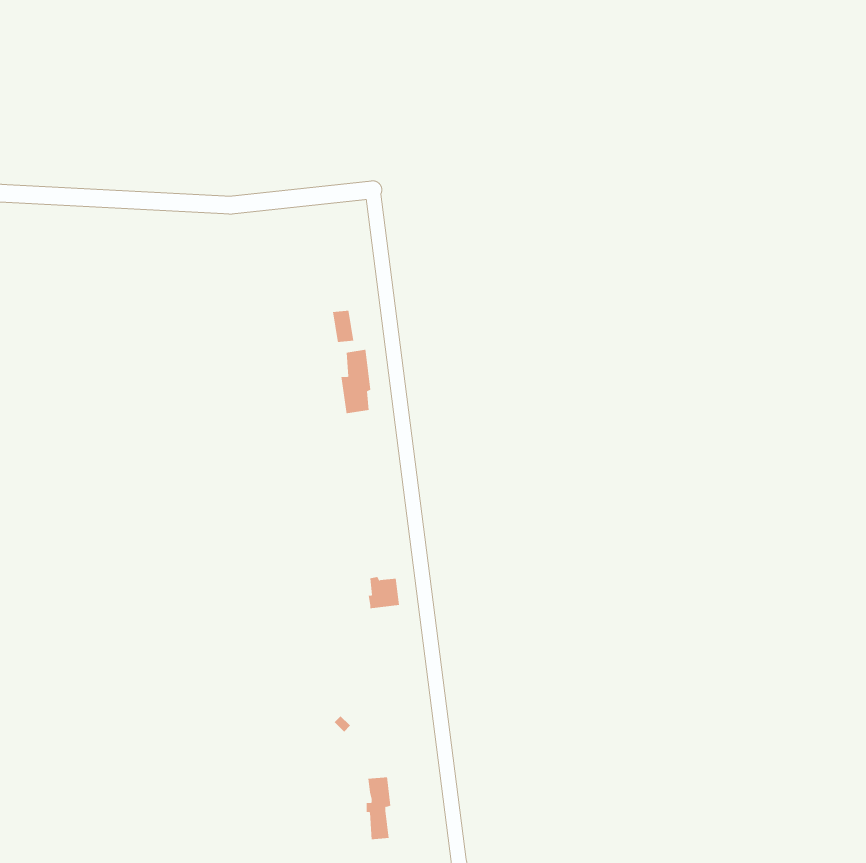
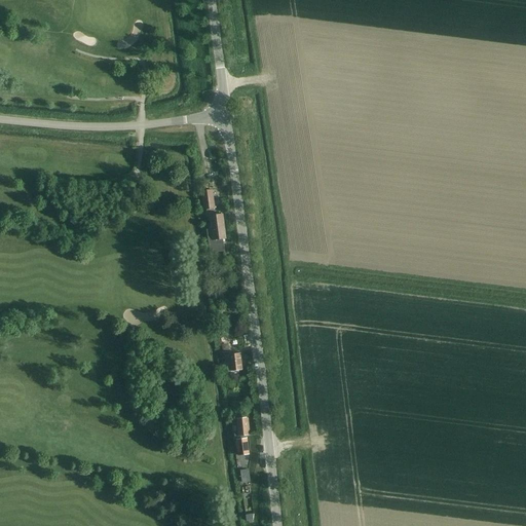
building: [366,777,391,840] -> [234,415,250,453]

